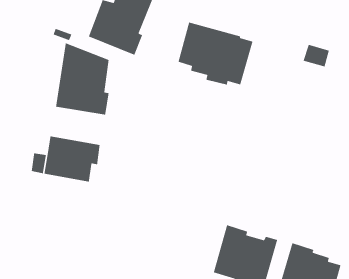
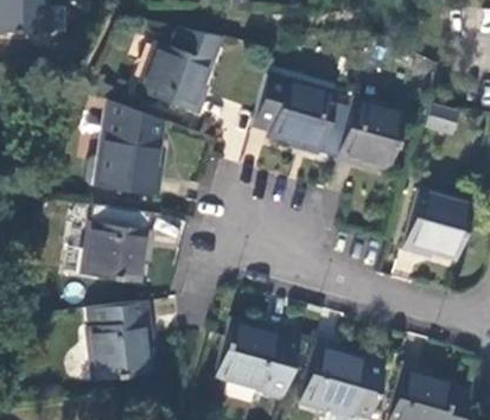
building: none -> [337,96,406,170]
building: none -> [401,186,471,260]
building: none -> [82,301,157,378]
building: none -> [215,318,300,401]

